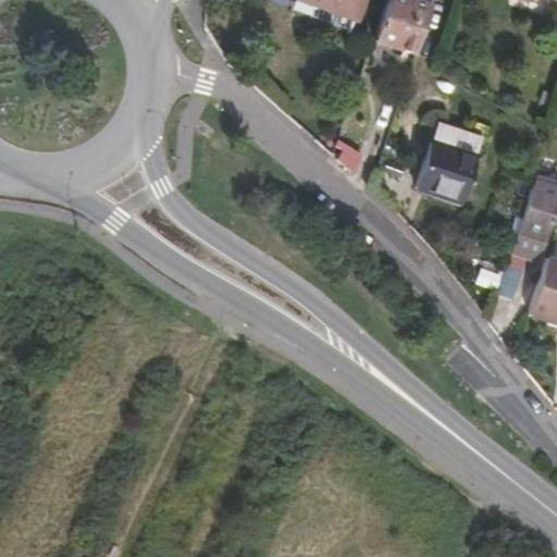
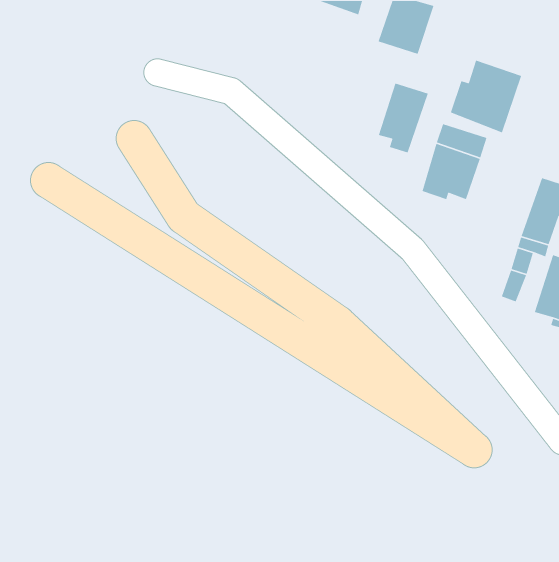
building: none -> [450,59,522,134]
building: none -> [378,82,429,153]

